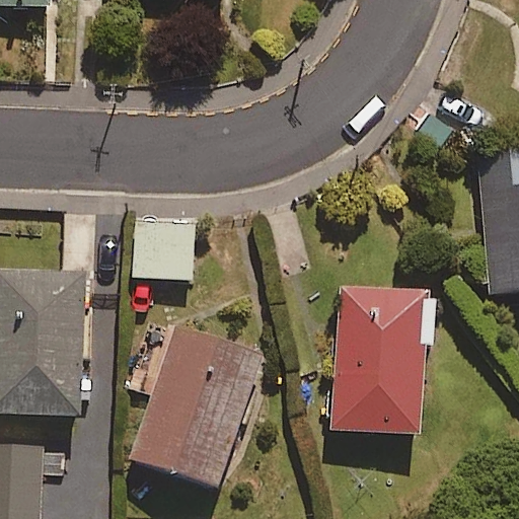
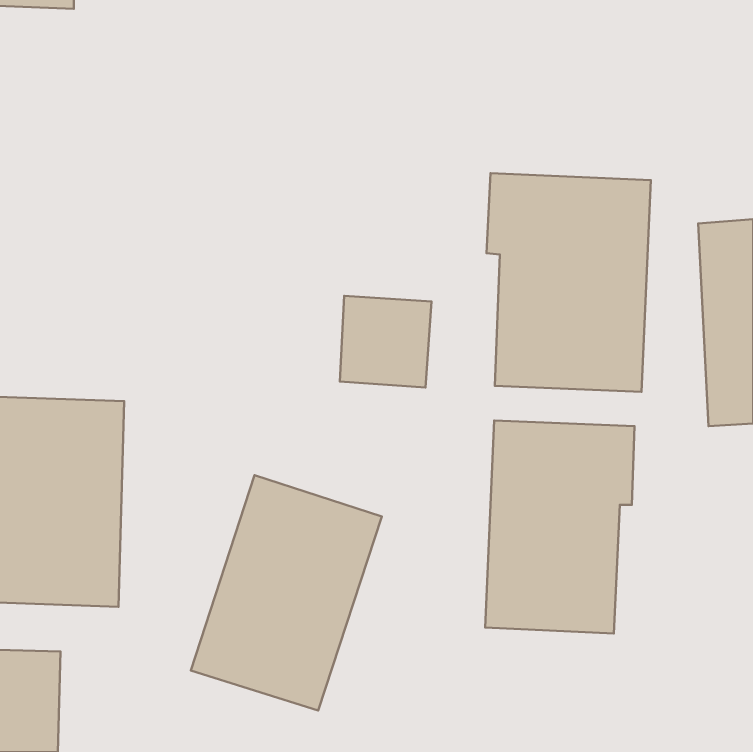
building: none -> [487,173,651,392]
building: [132,217,195,280] -> [340,296,431,387]

